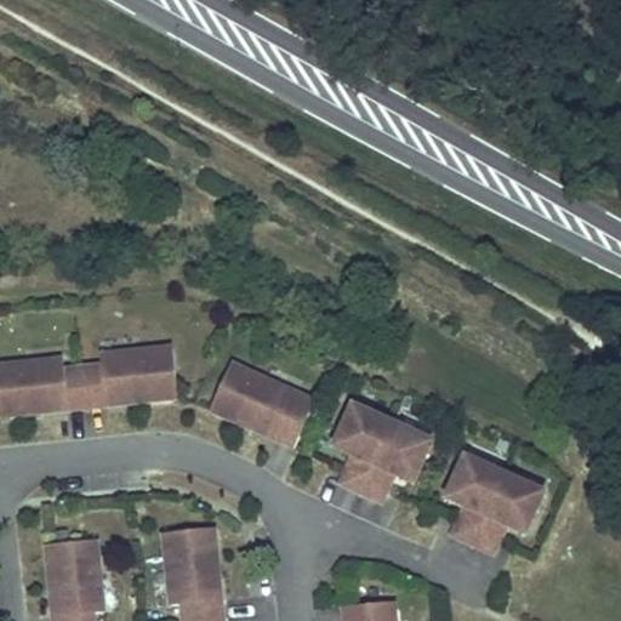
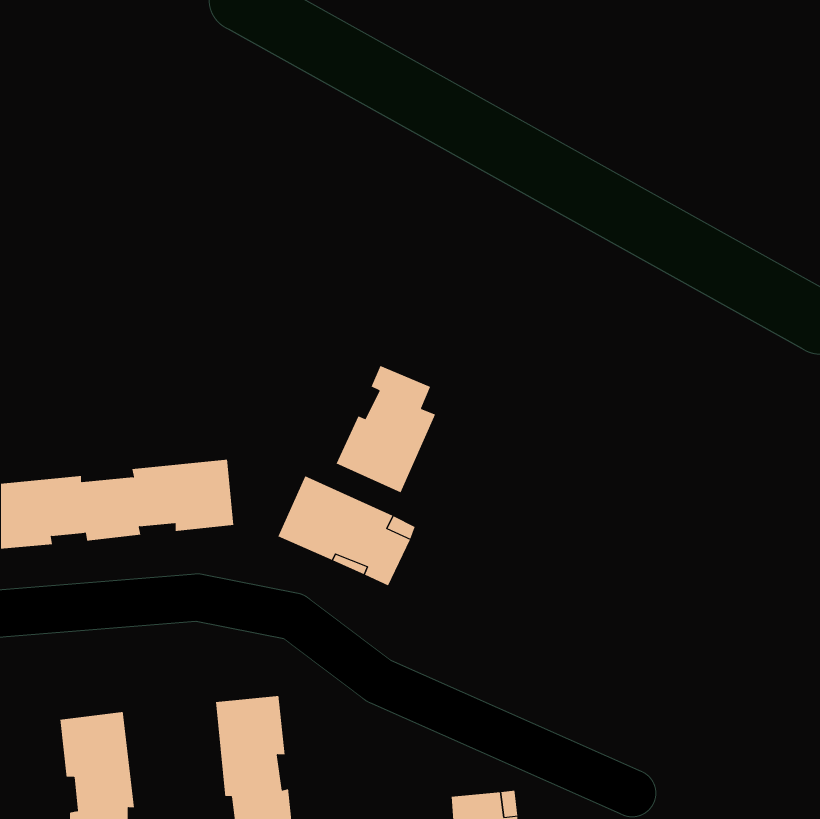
building: none -> [336,365,436,493]
building: [334,401,432,501] -> none
building: [446,452,543,552] -> none

